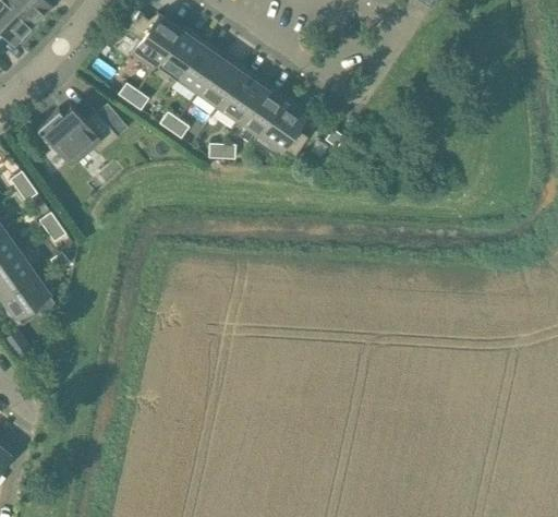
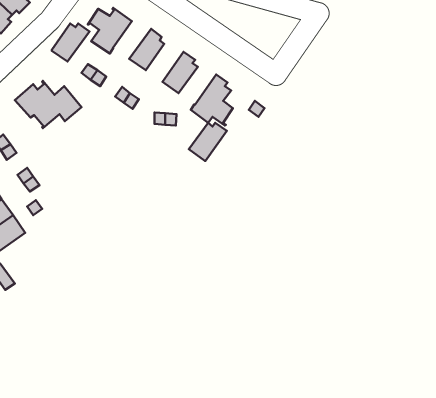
building: [157,29,204,76] -> [52,24,90,61]
building: [197,58,244,105] -> none
building: [238,86,284,133] -> [189,123,227,161]

